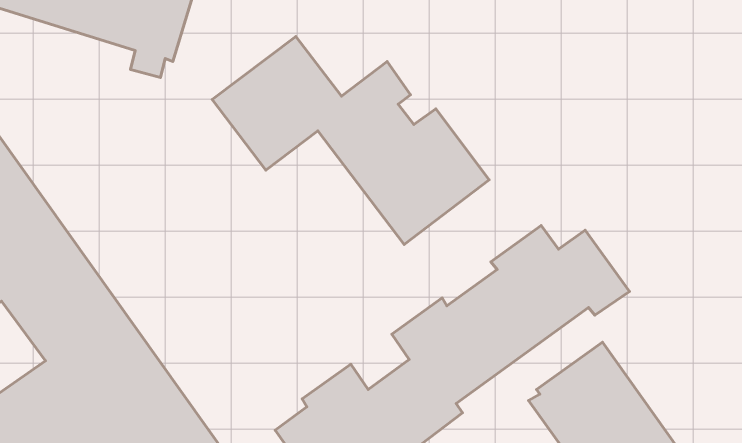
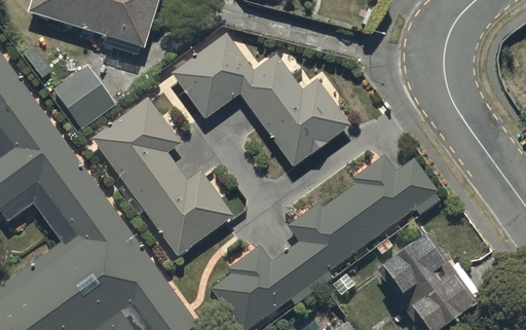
building: none -> [48,66,115,130]
building: none -> [91,96,233,255]

